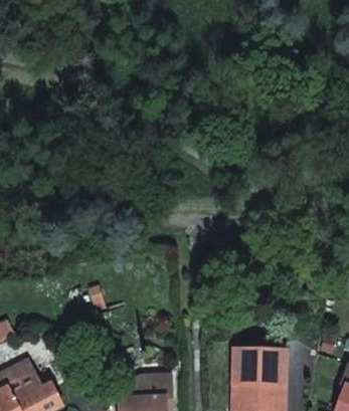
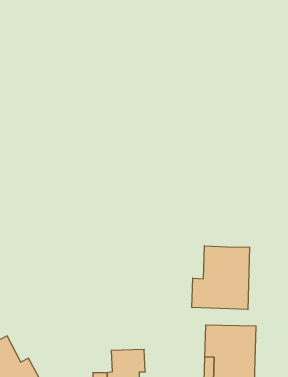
building: none -> [192,246,250,310]

